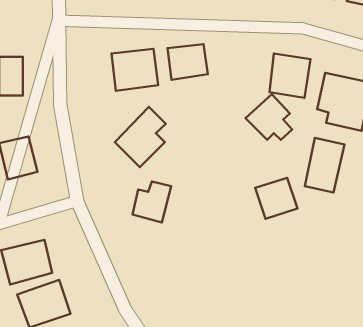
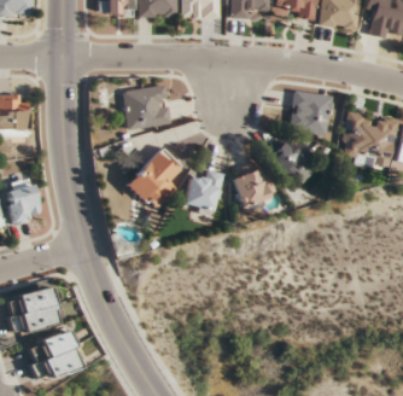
building: [168,44,208,80] -> none
building: [305,138,344,192] -> none
building: [255,178,297,219] -> [232,165,276,209]
building: [132,182,171,223] -> [183,169,224,212]

